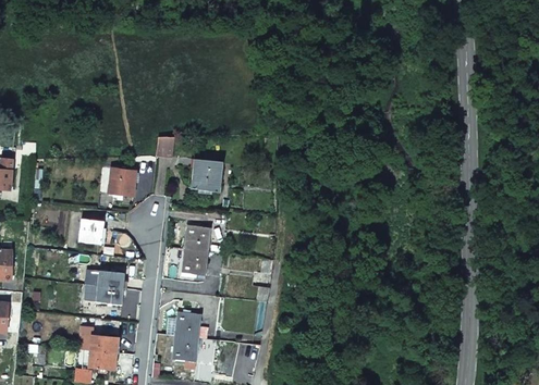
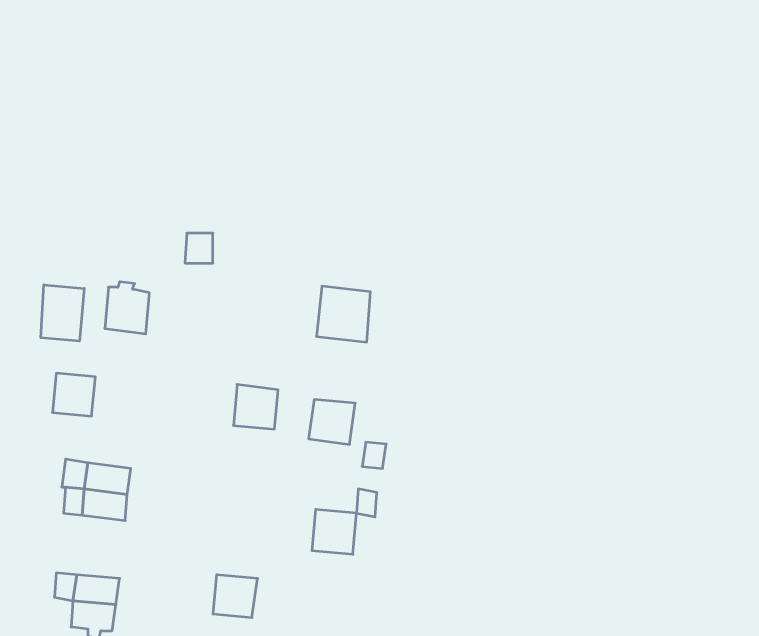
building: [191,159,222,191] -> [316,286,370,342]
building: none -> [41,285,84,341]
building: [181,249,208,275] -> [309,400,355,444]
building: [174,312,200,338] -> [312,509,357,554]

